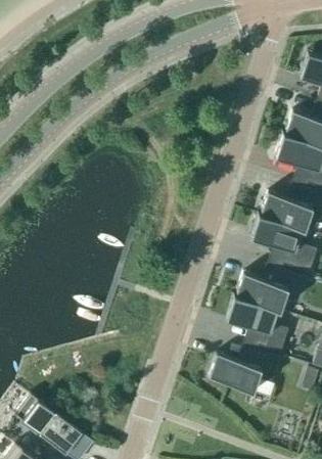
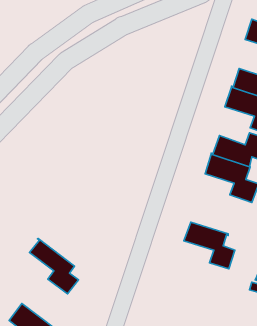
building: [234,271,304,312] -> none
building: none -> [30,239,78,294]
building: [210,351,278,393] -> none

